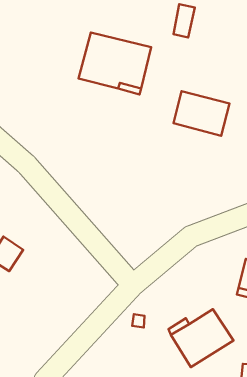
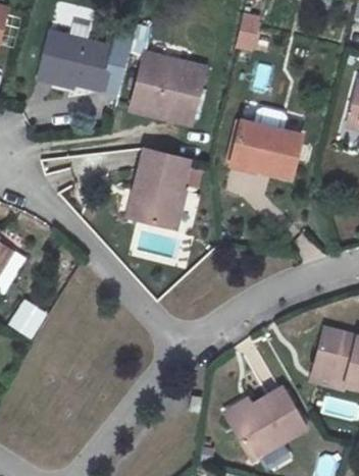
building: none -> [41,30,116,94]
building: none -> [134,151,193,230]

